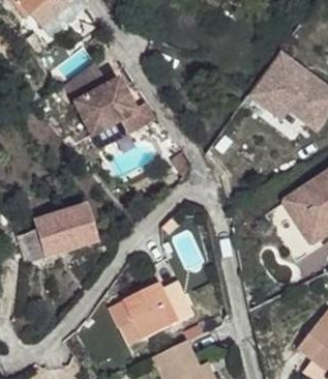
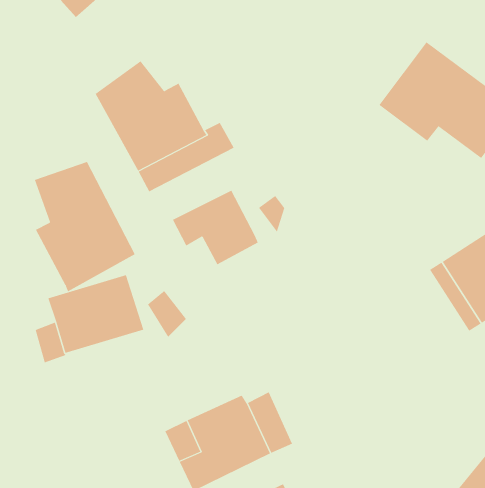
building: none -> [34,161,136,292]
building: none -> [172,190,259,265]

